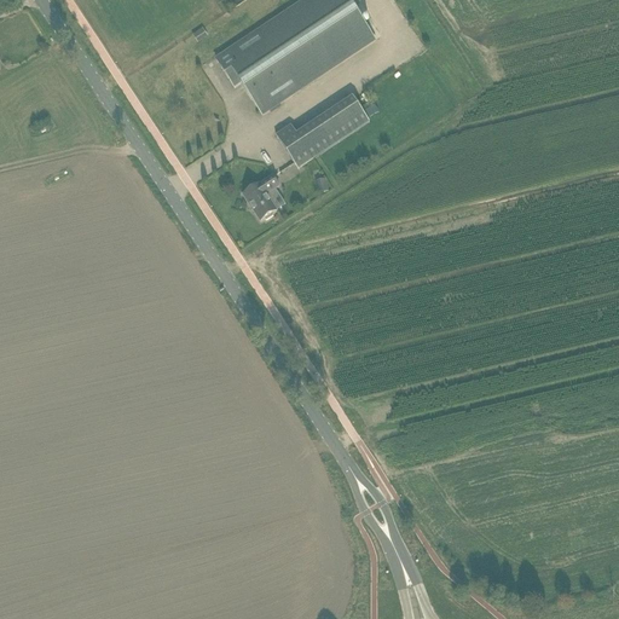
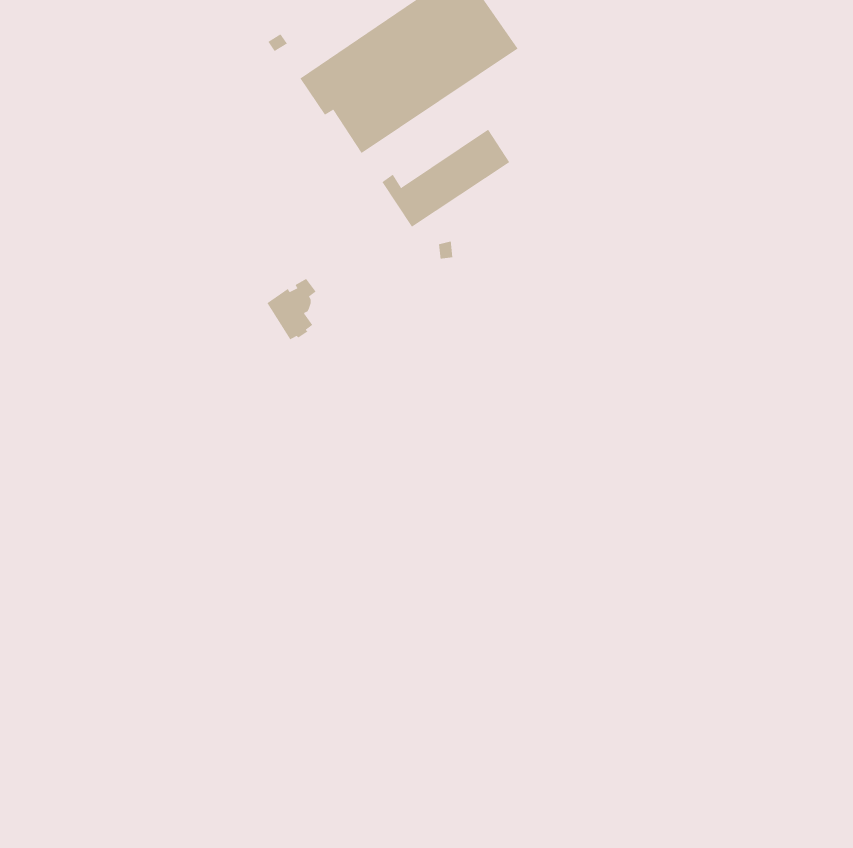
building: [244,173,280,218] -> [266,278,317,340]

